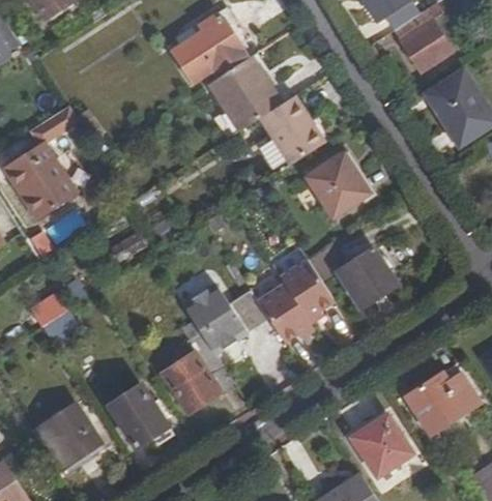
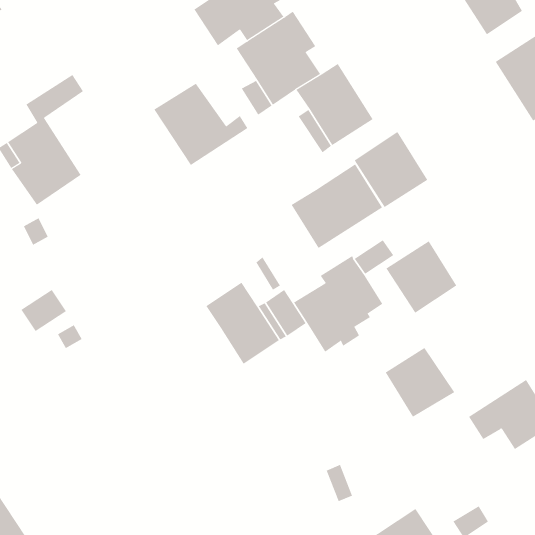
building: none -> [154,83,248,166]
building: none -> [291,163,383,249]
building: [162,322,221,415] -> none
building: [110,385,174,449] -> none
building: [32,404,100,471] -> none
building: [351,416,411,476] -> [385,347,455,418]

